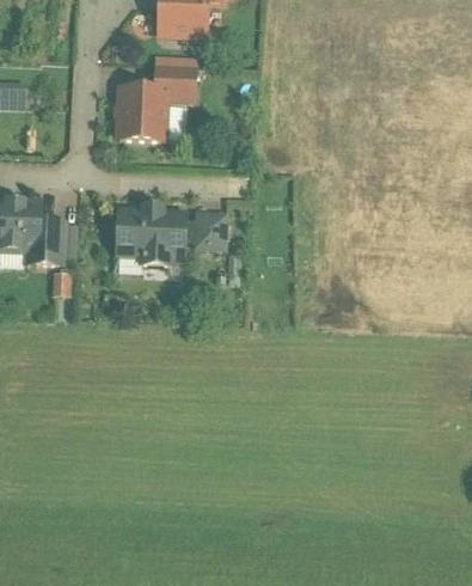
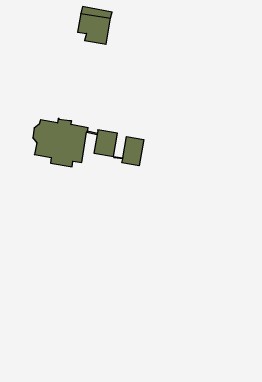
building: [118,86,167,138] -> none
building: none -> [114,137,144,166]

